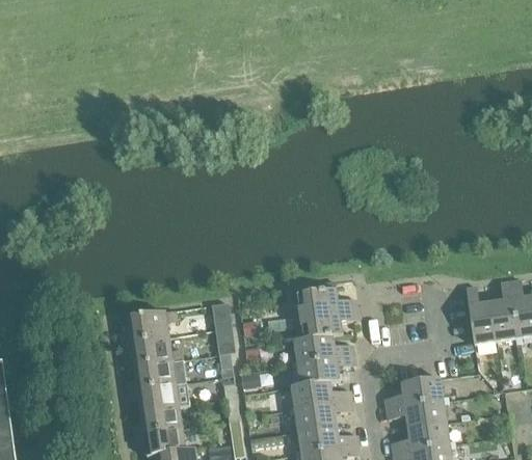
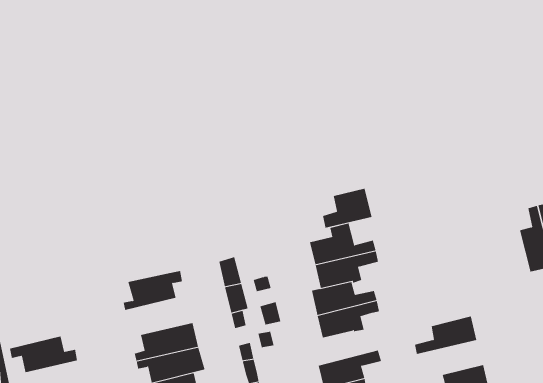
building: none -> [323,188,372,228]
building: [464,286,497,345] -> none
building: [121,336,183,368] -> [9,336,78,373]
building: [291,381,351,410] -> none
building: [385,400,447,429] -> none

